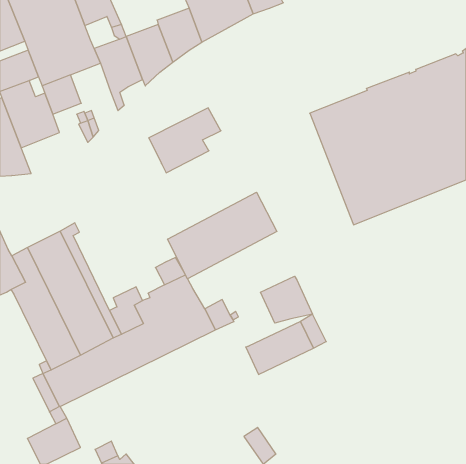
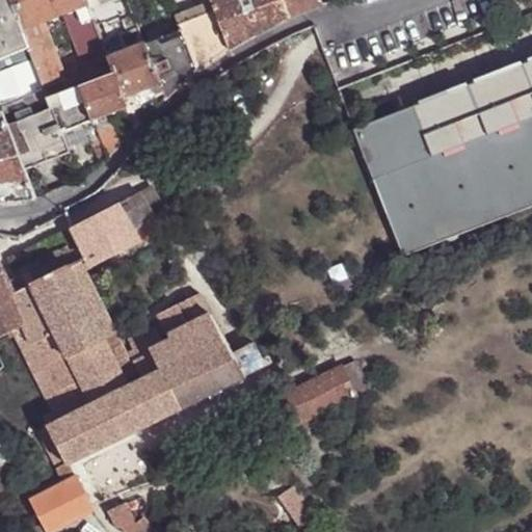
building: none -> [80,72,126,117]
building: [149,108,221,173] -> [71,190,153,264]
building: [168,192,277,279] -> none
building: [261,276,312,323] -> none

